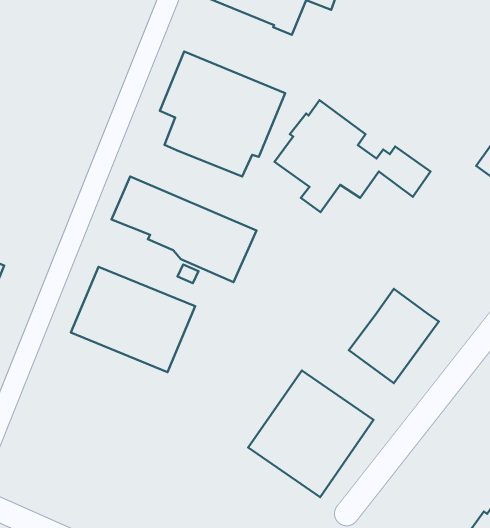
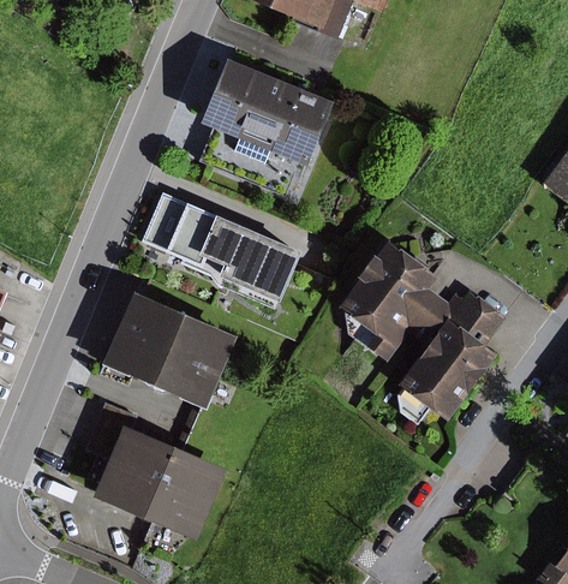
building: [274,100,430,212] -> [339,238,509,360]
building: none -> [86,401,225,541]
building: [248,371,374,497] -> none

